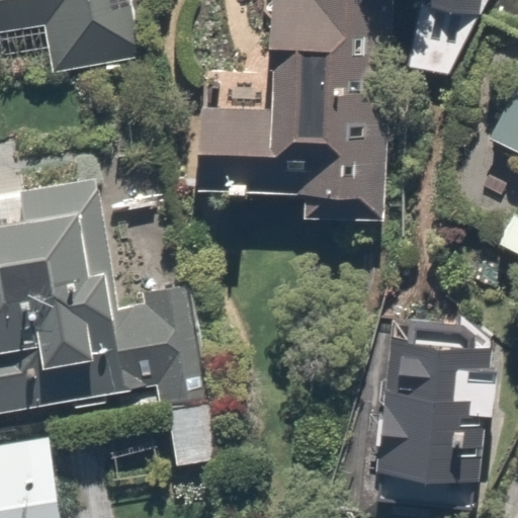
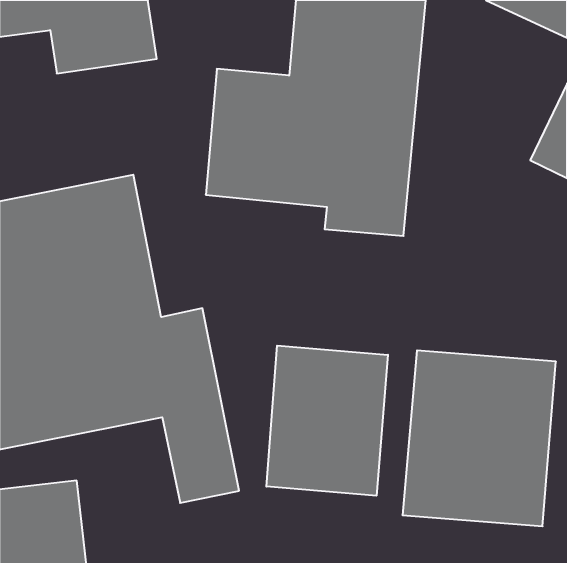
building: none -> [266,346,388,496]

